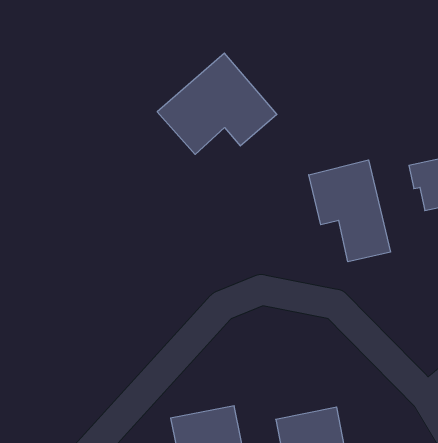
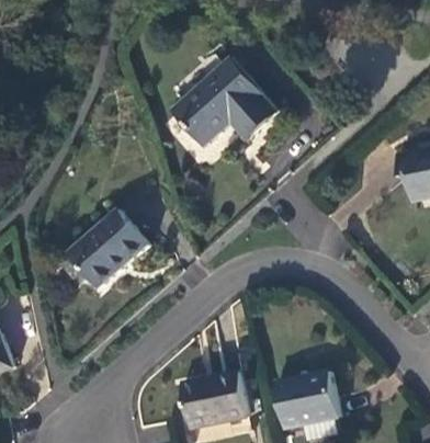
building: [309,160,390,262] -> none
building: none -> [68,209,148,288]

